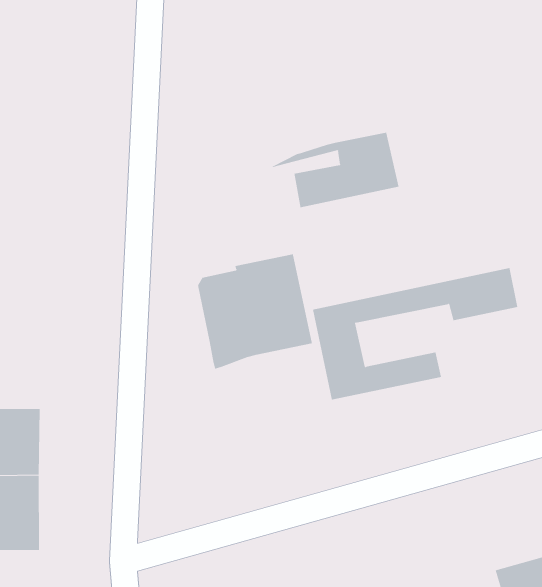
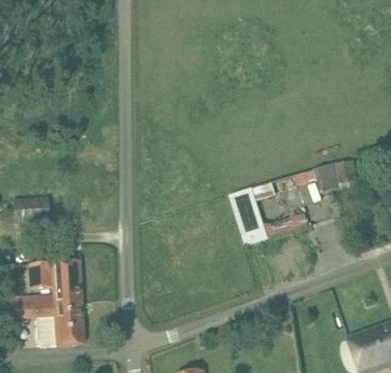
building: [272,132,399,208] -> none
building: [198,253,312,369] -> none

